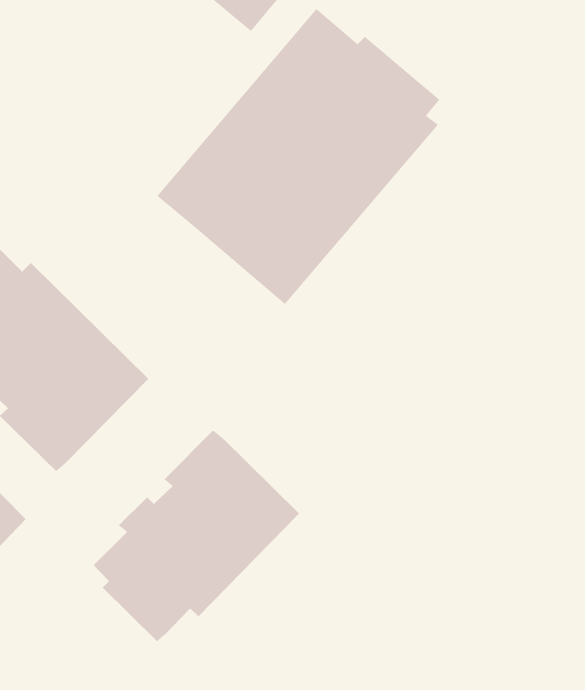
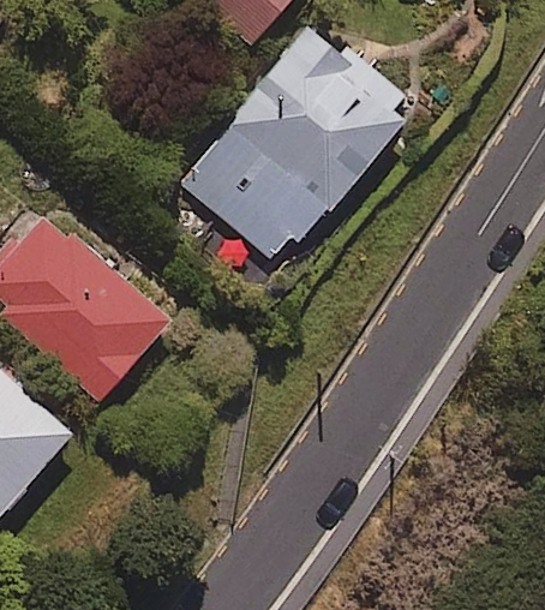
building: [93,430,300,642] -> none

